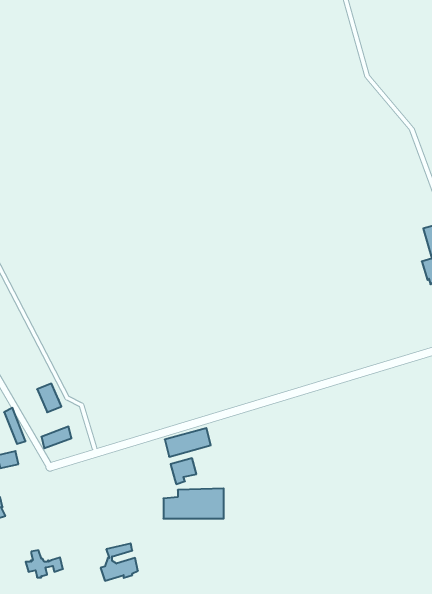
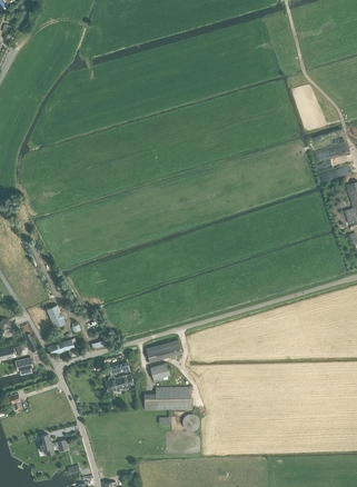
building: [101,543,138,581] -> [103,362,132,391]

